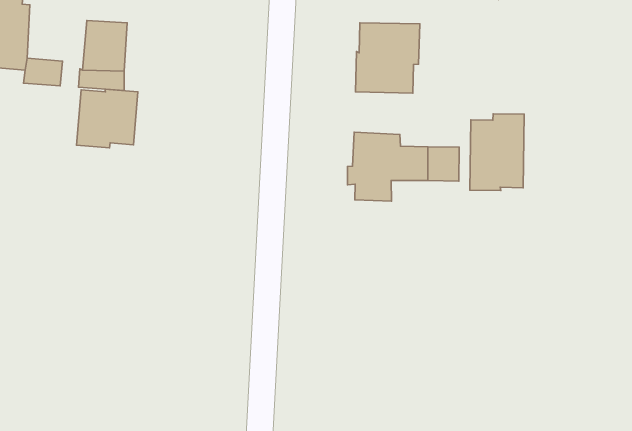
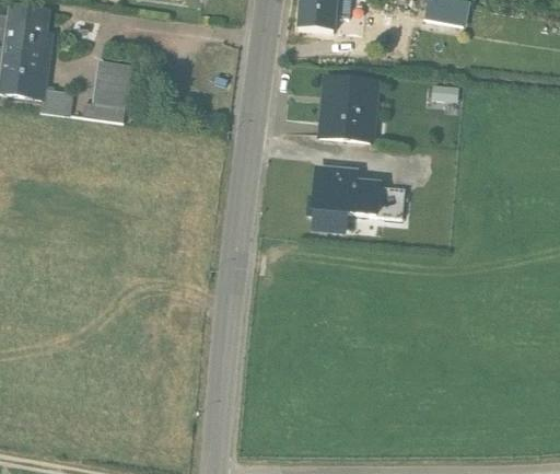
building: [77,89,138,148] -> none
building: [470,114,524,191] -> none

